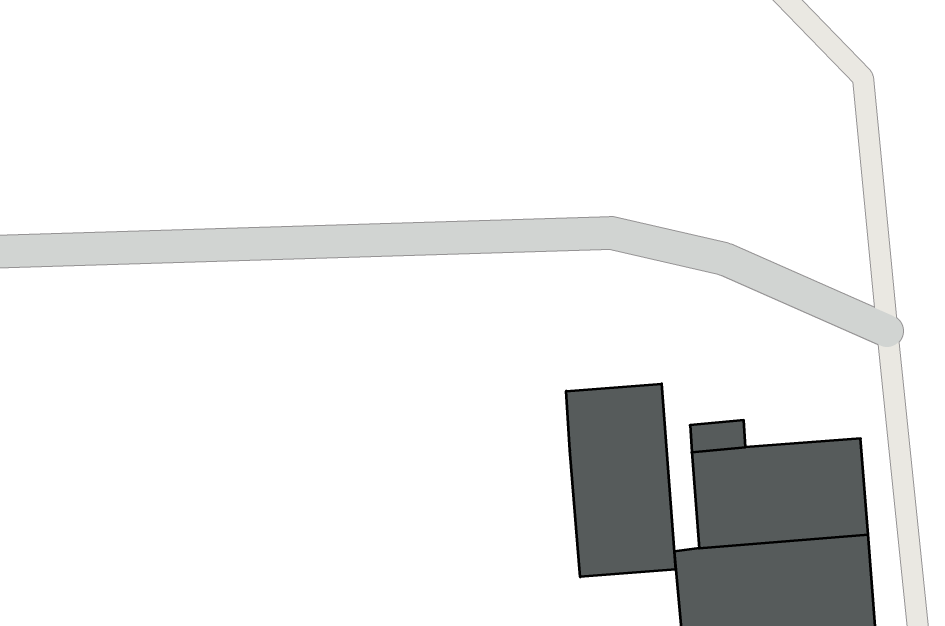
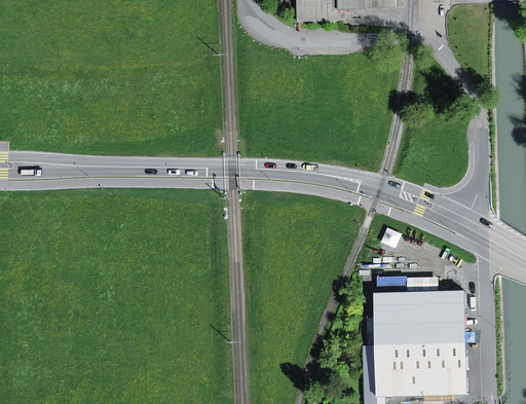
building: [566,384,676,577] -> none

